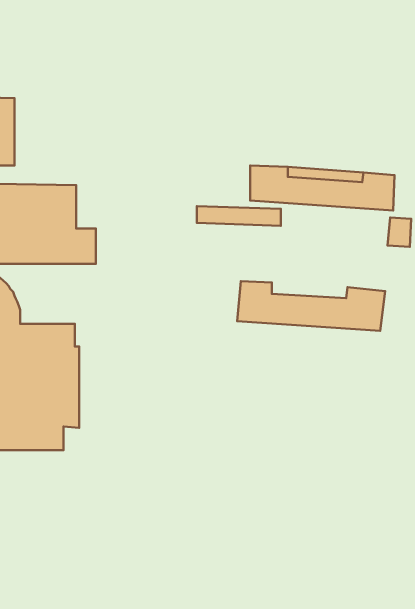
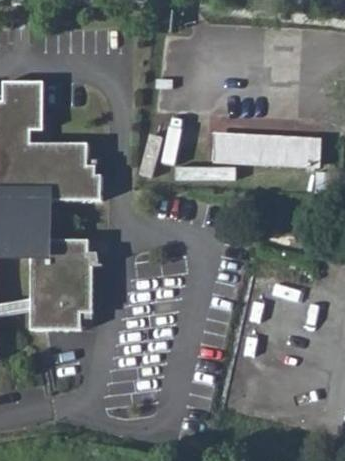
building: [237,281,385,331] -> none

